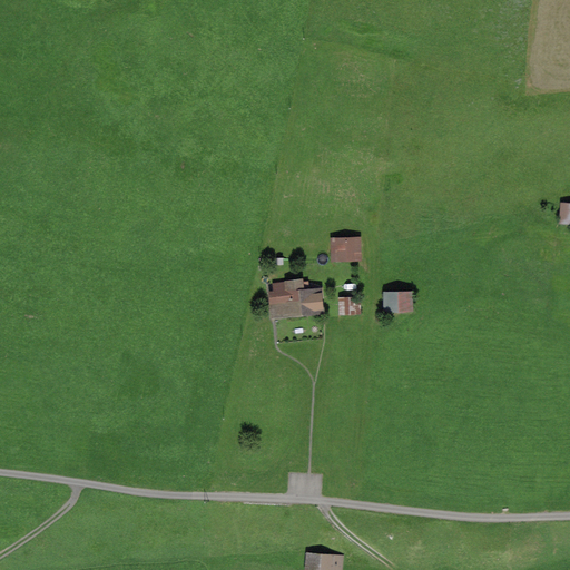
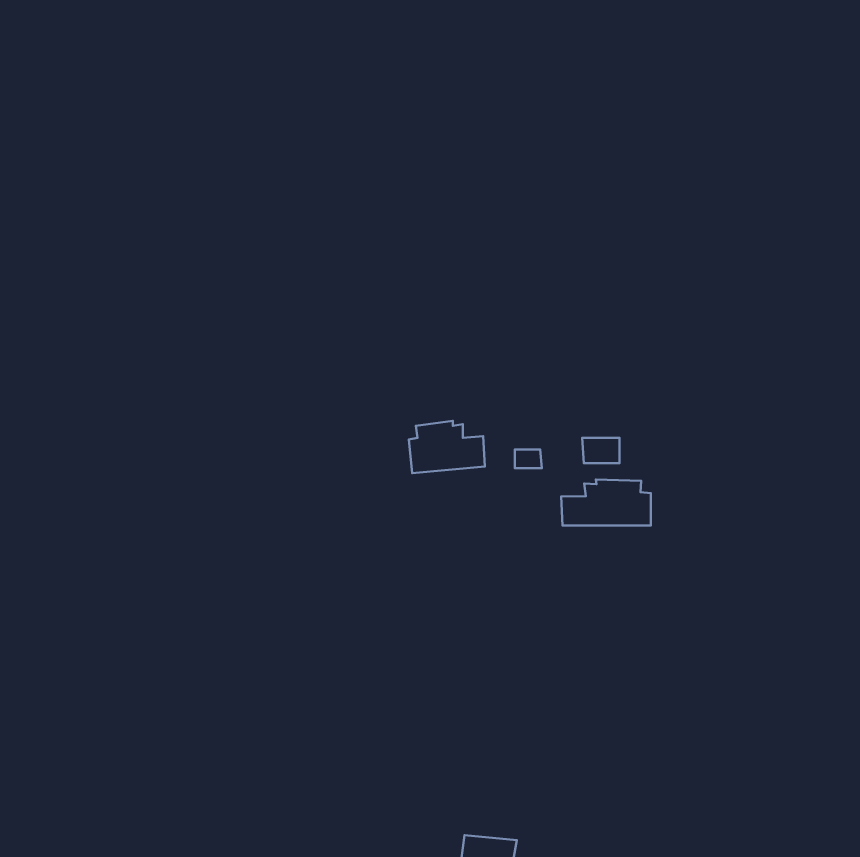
building: [333,239,358,258] -> none
building: none -> [561,479,651,525]

